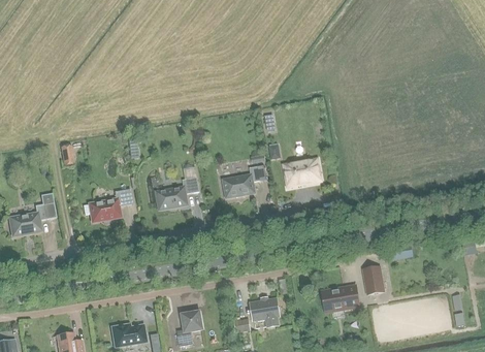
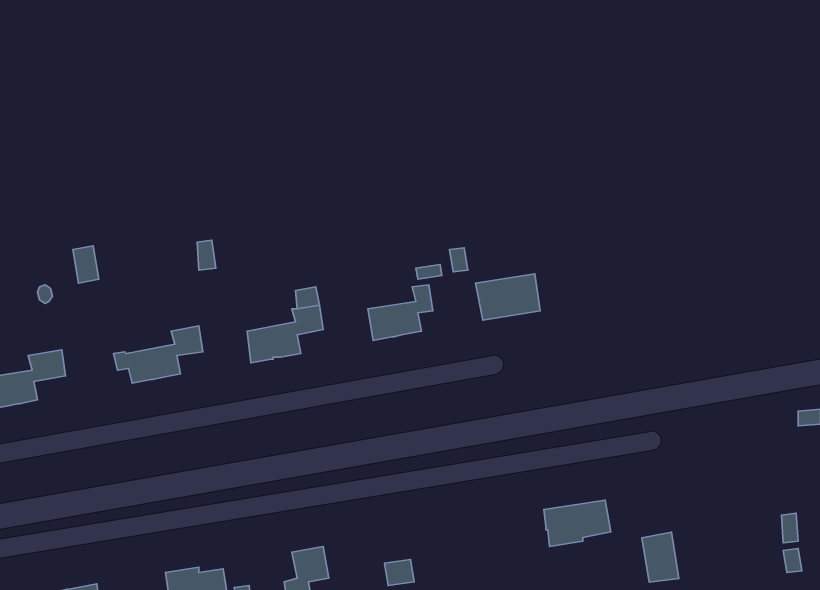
building: [363,266,384,294] -> [642,532,679,582]
building: [251,299,279,326] -> none

